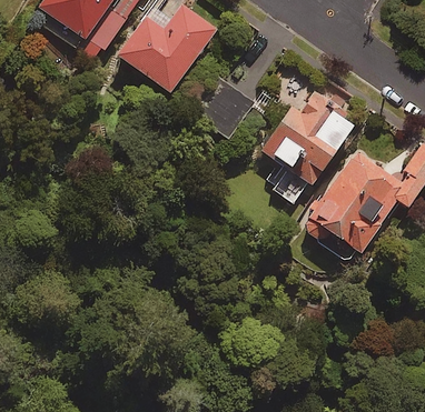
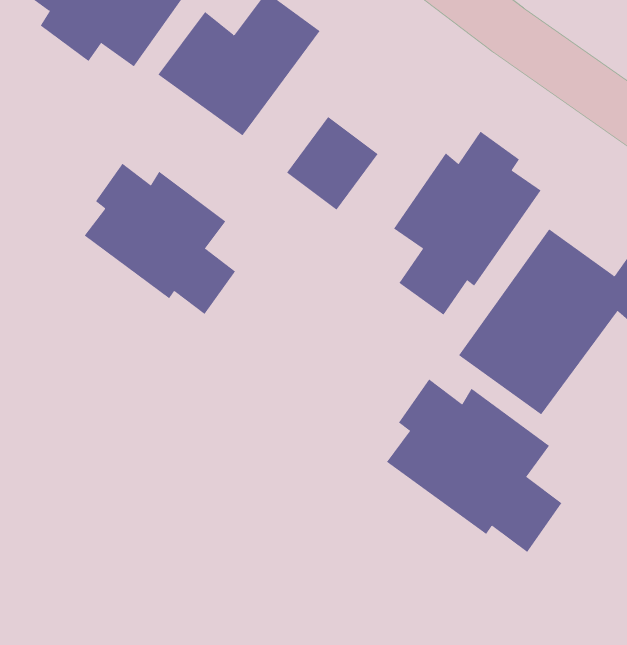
building: none -> [84,163,236,315]
building: none -> [386,379,562,553]

